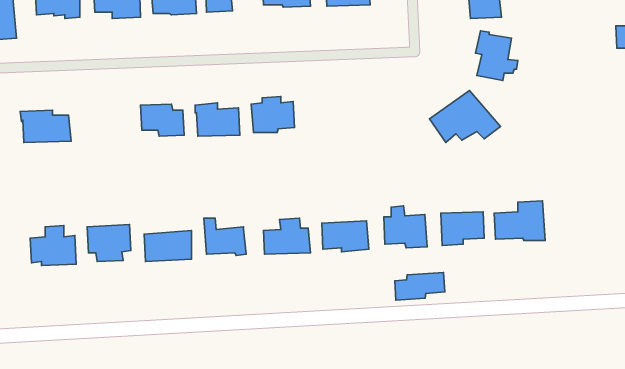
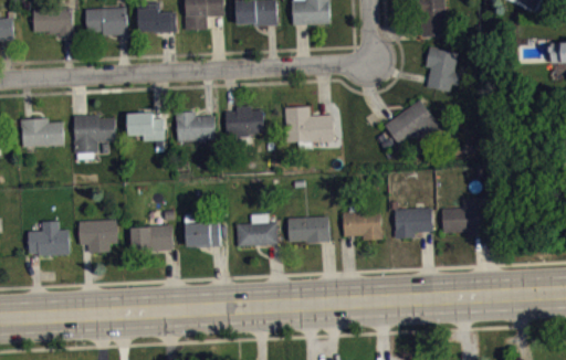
building: none -> [285,106,334,148]
building: none -> [74,114,117,159]
building: [395,273,445,300] -> none

